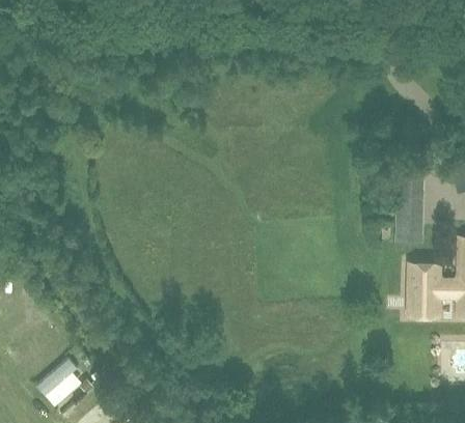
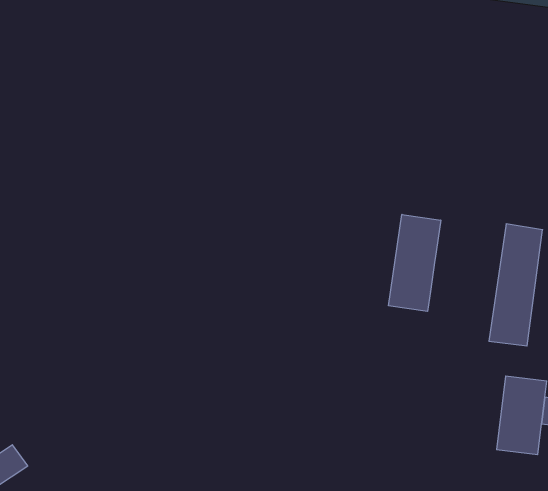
building: none -> [389,214,441,311]

